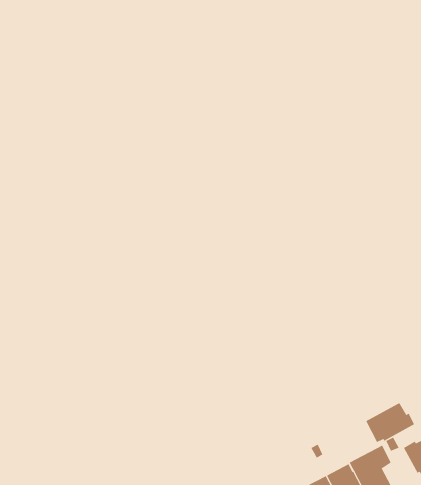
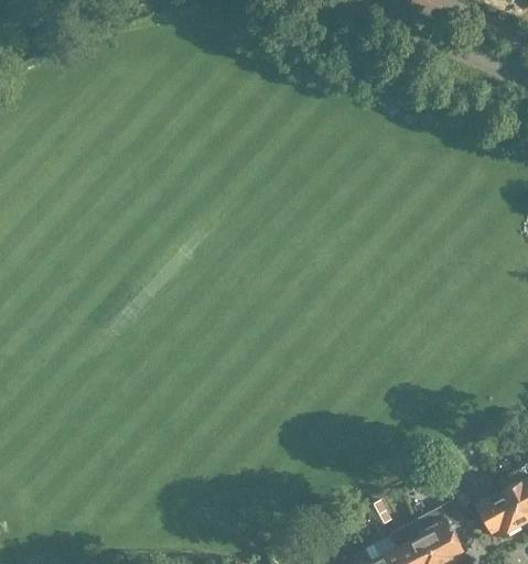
building: [365,401,415,443] -> none

